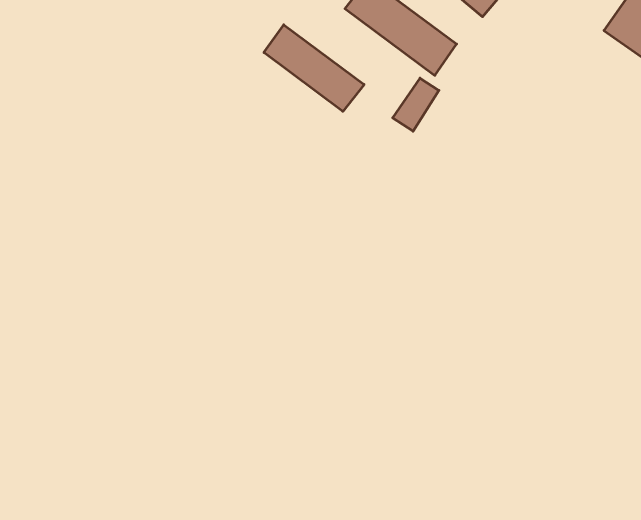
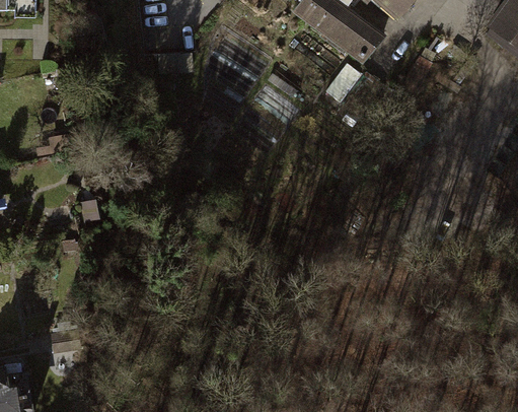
building: [264,25,364,111] -> none

